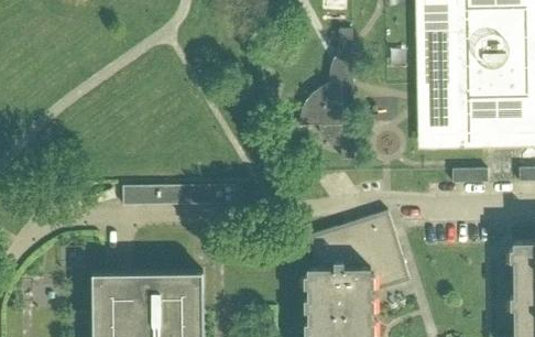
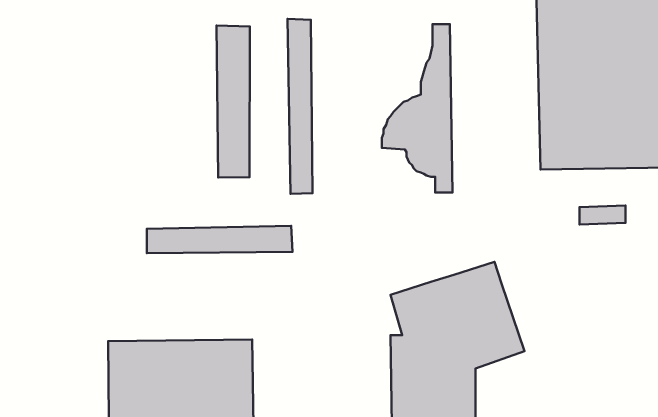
building: none -> [288,19,313,194]
building: none -> [217,26,250,178]

